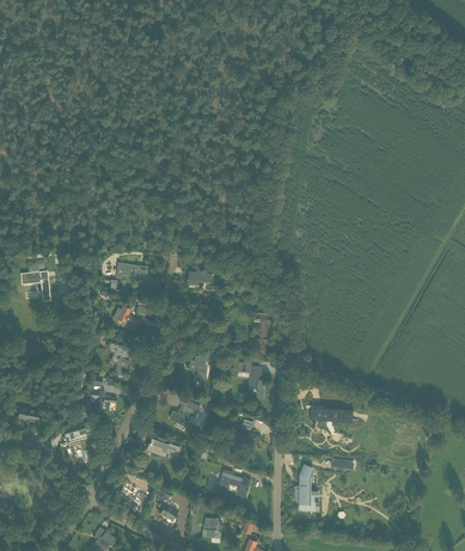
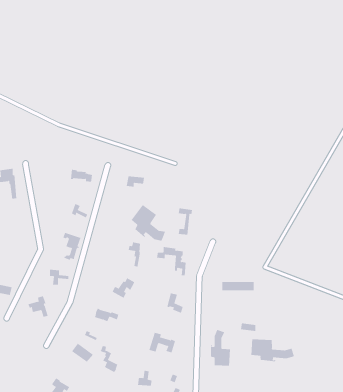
building: none -> [131,204,166,242]
building: none -> [251,338,297,362]

